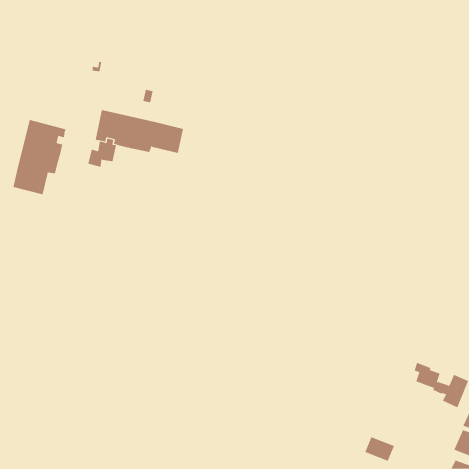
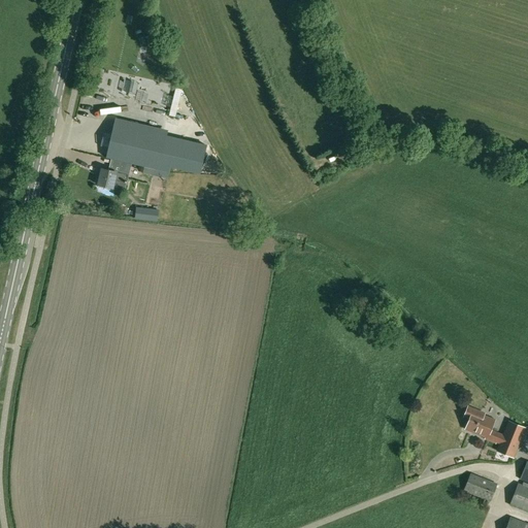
building: [13,119,66,195] -> none
building: [364,437,395,461] -> [464,472,498,500]

